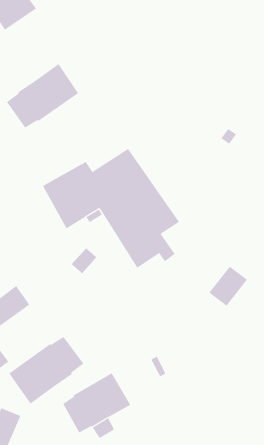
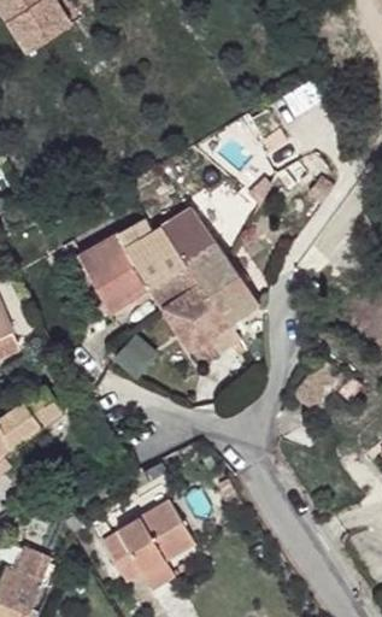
building: [6,63,79,129] -> none
building: [9,336,84,405] -> none

